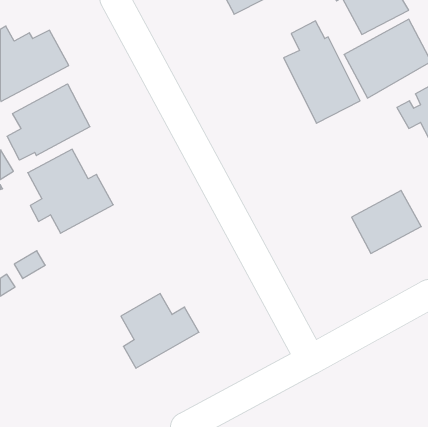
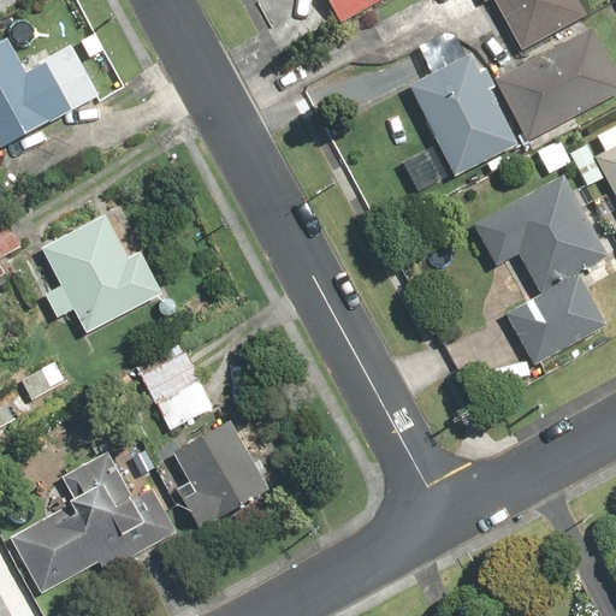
building: [7,84,90,160] -> none
building: none -> [473,174,604,286]
building: none -> [146,357,214,428]
building: none -> [12,452,173,590]

